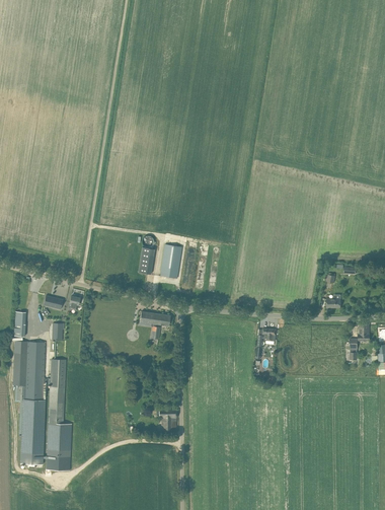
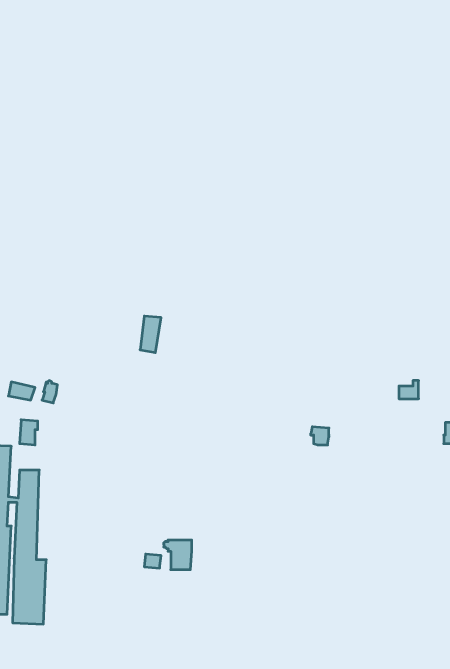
building: [160,243,181,277] -> none
building: [139,310,170,338] -> none

